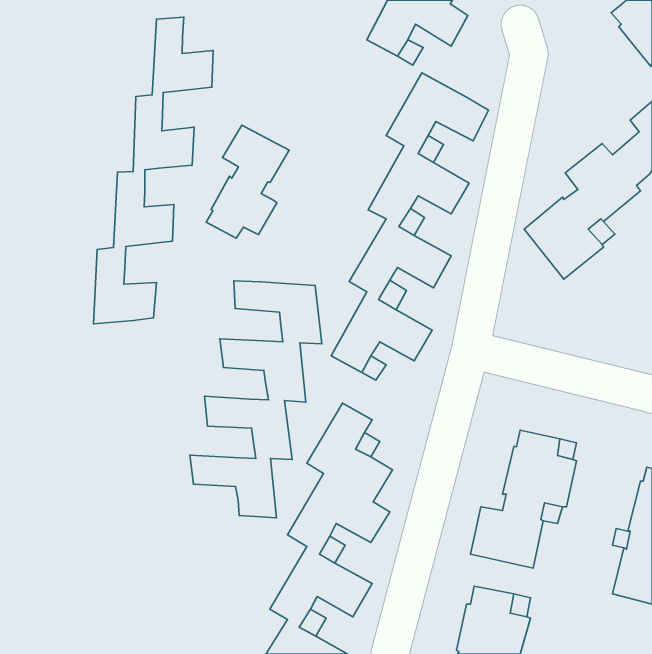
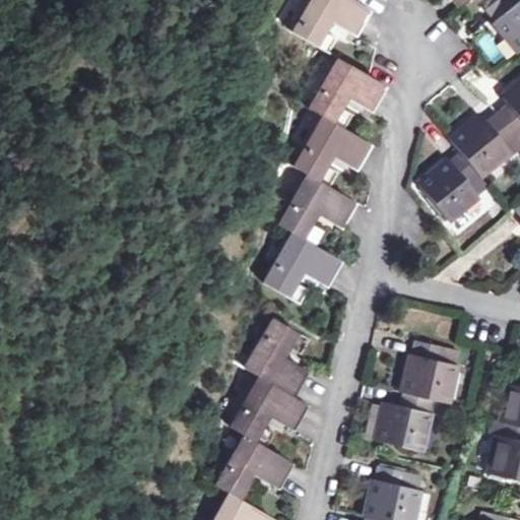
building: [94,17,213,324] -> none
building: [206,125,289,238] -> none
building: [190,281,322,518] -> none

